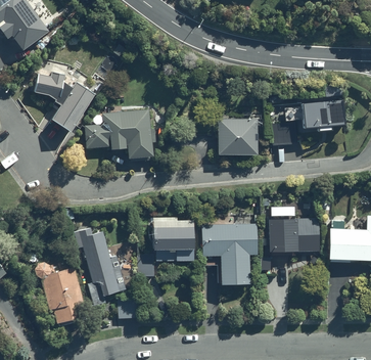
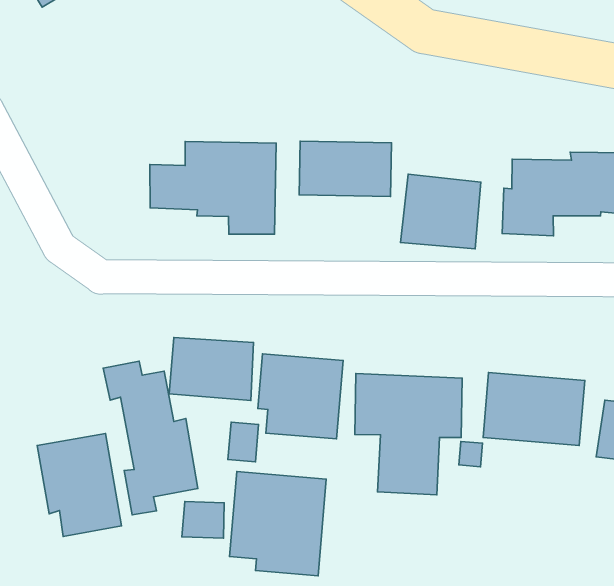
building: [34,72,95,131] -> none
building: none -> [299,141,392,197]
building: none -> [169,338,254,401]
building: none -> [230,472,326,576]

